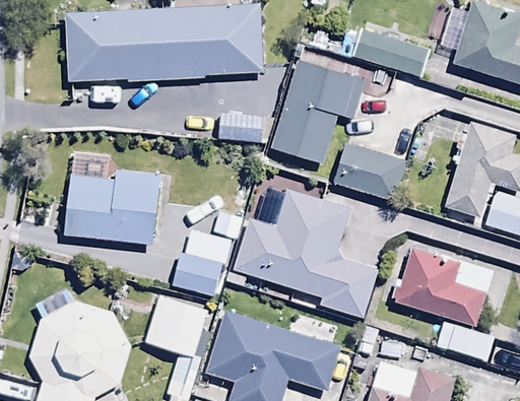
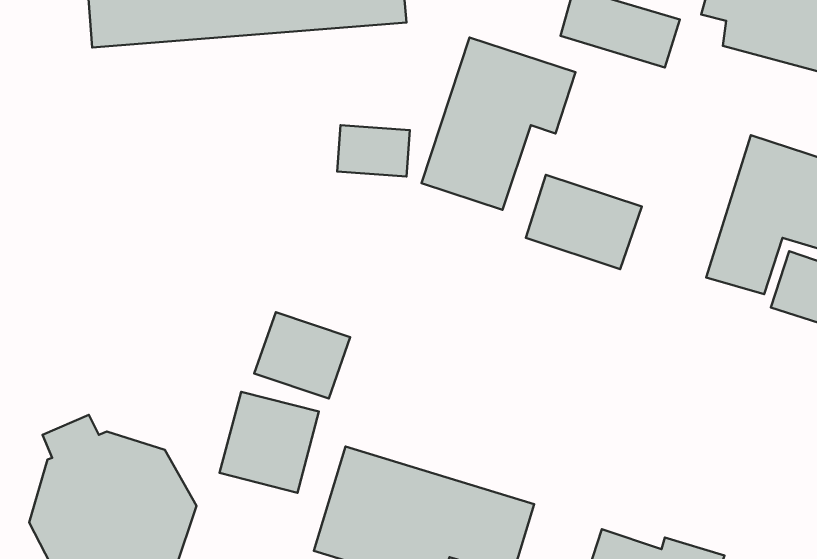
building: [64,170,161,246] -> none
building: [233,188,378,320] -> none
building: [394,247,495,362] -> none

